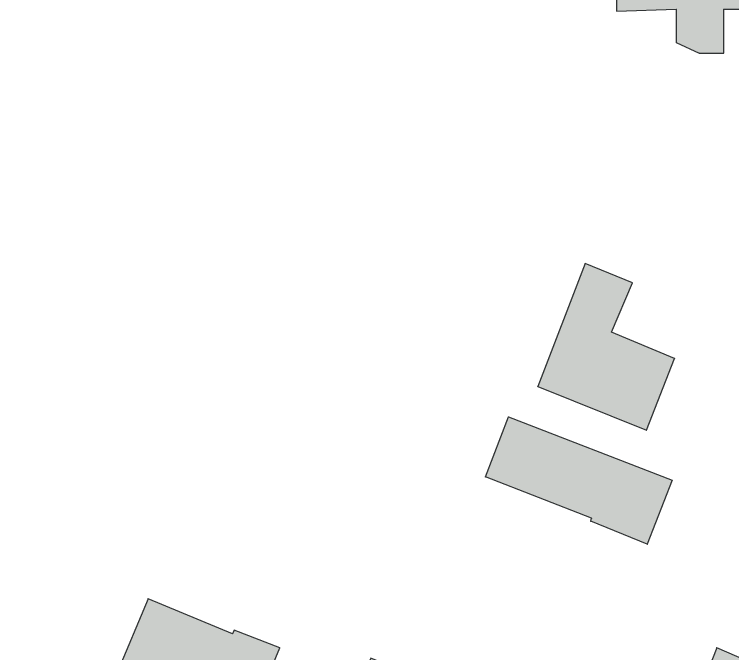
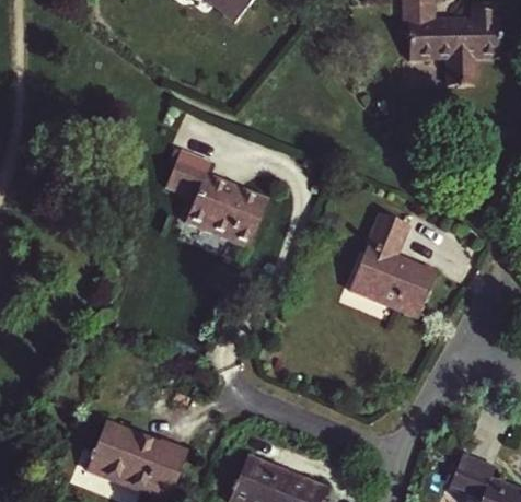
building: none -> [166,150,269,247]
building: [485,417,672,544] -> none

